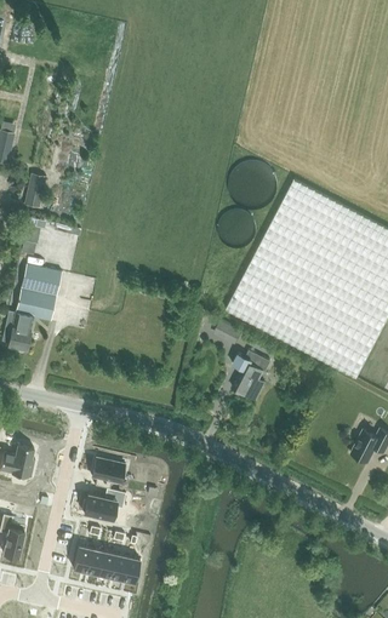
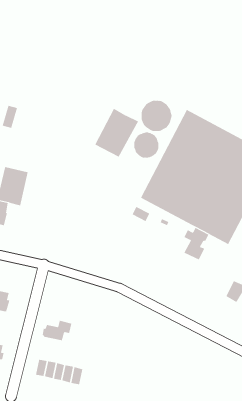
building: none -> [95,108,139,157]
building: [233,353,270,401] -> [184,227,209,260]
building: [92,458,126,490] -> none

